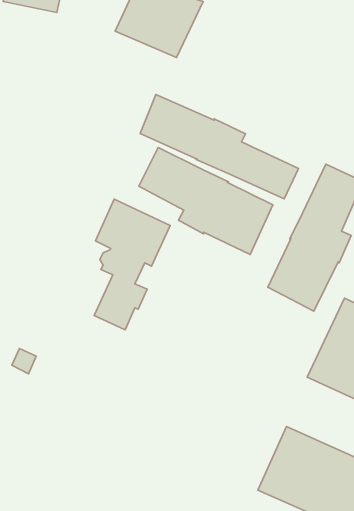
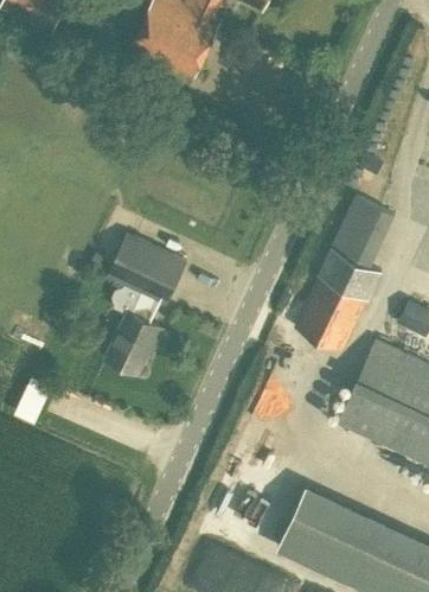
building: [140,94,298,199] -> none
building: [139,148,273,255] -> none

